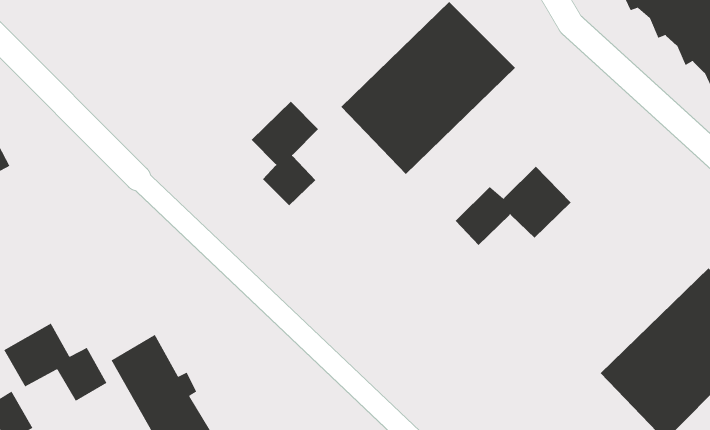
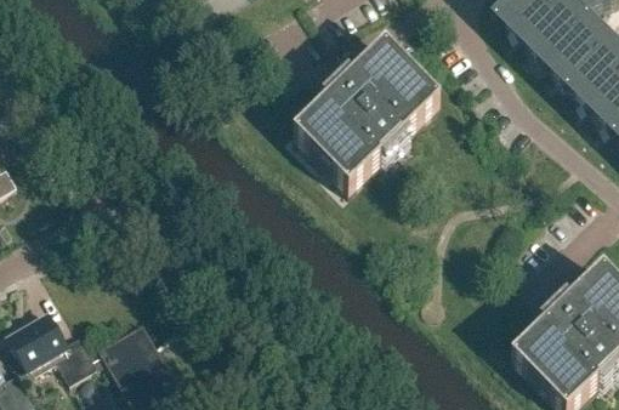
building: [251,101,319,206] -> none
building: [455,166,572,246] -> none

